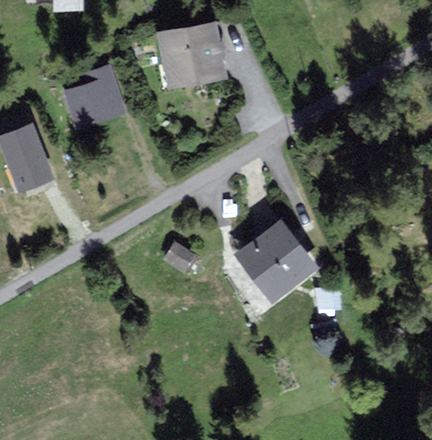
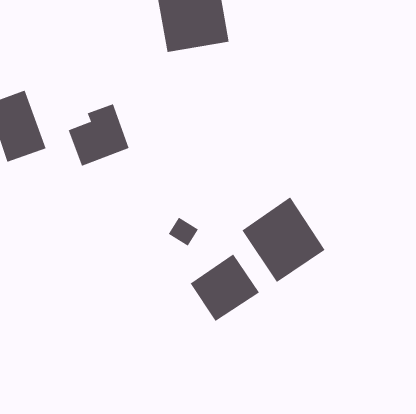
building: [67,66,125,125] -> [68,103,129,166]
building: none -> [190,253,260,322]

